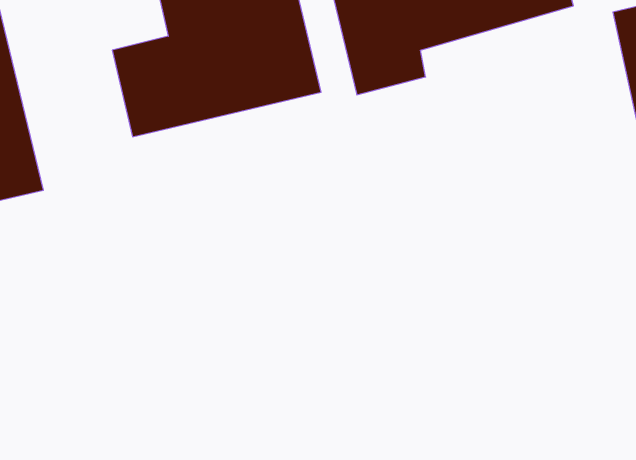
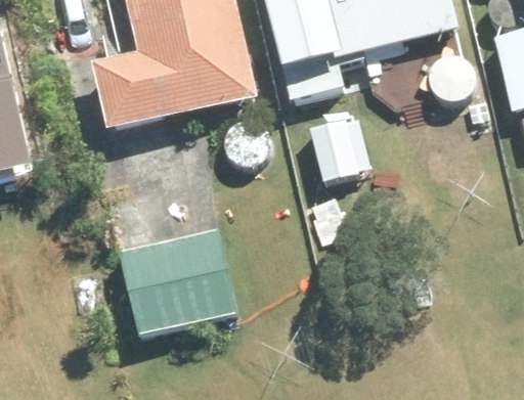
building: none -> [116,223,236,338]

